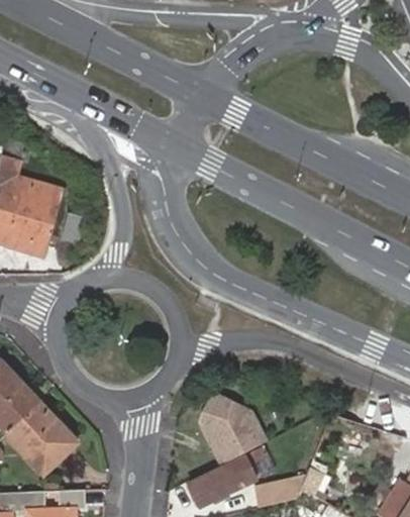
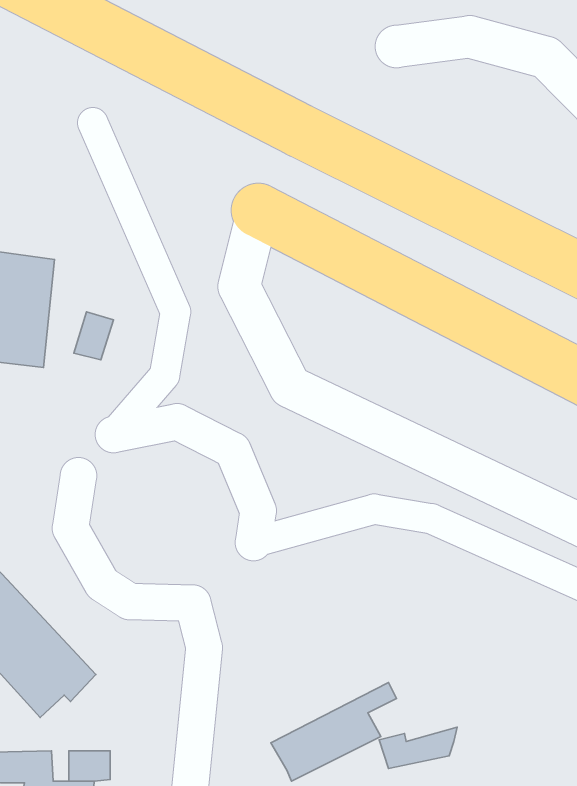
building: [200,396,267,464] -> none

